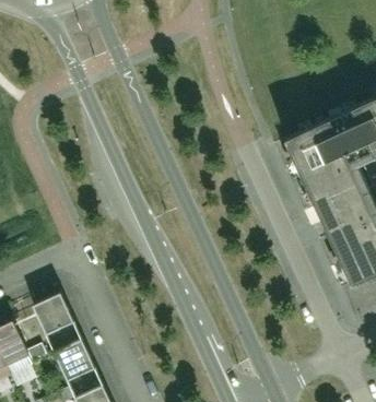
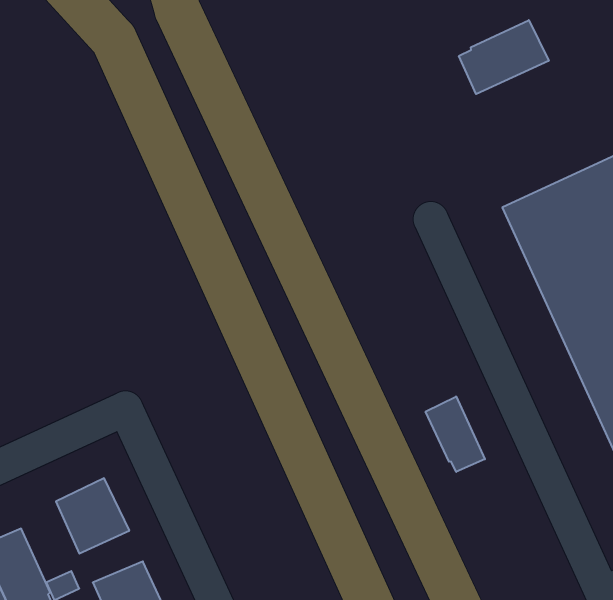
building: none -> [459,20,549,94]
building: none -> [426,396,485,472]

